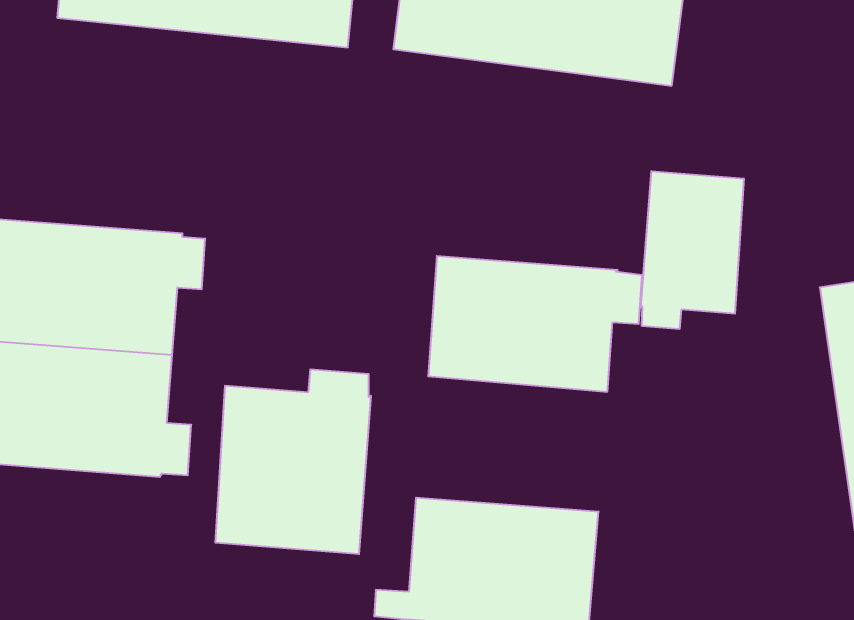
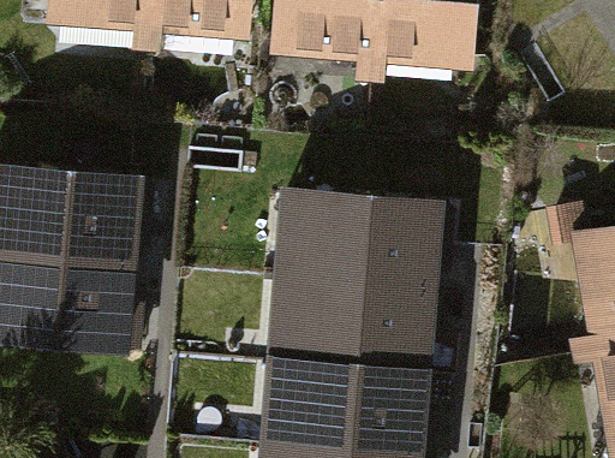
building: [641,171,744,329] -> none
building: [215,369,371,554] -> none
building: none -> [275,274,424,370]

